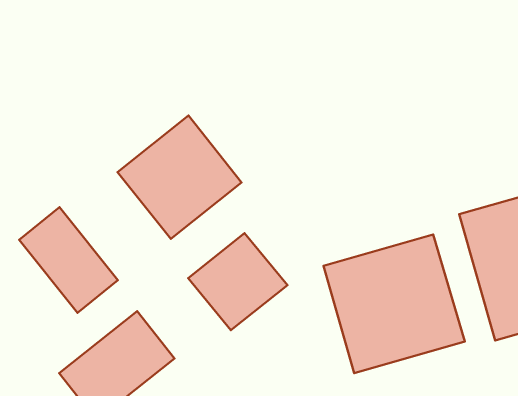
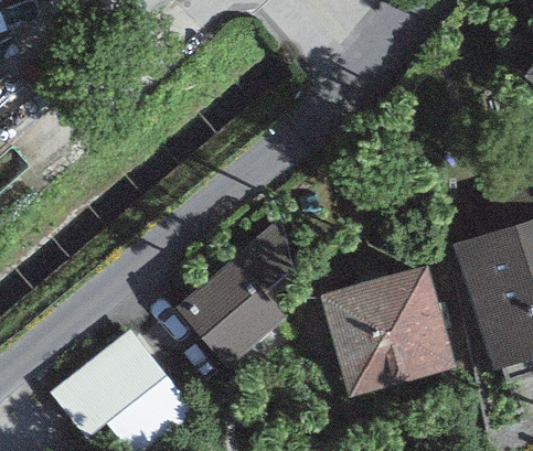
building: [118,115,242,239] -> none
building: [19,207,118,313] -> none

